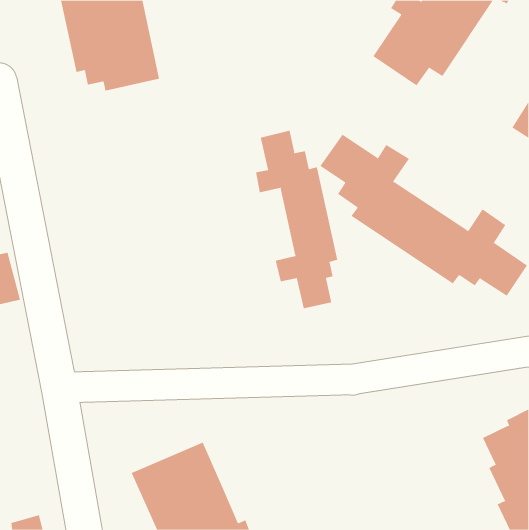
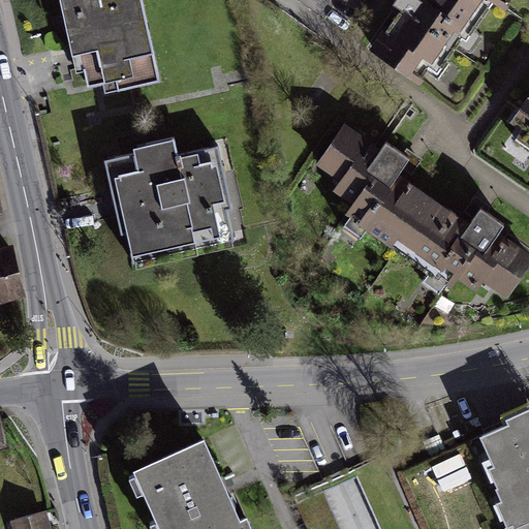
building: [256,130,338,309] -> none
building: none -> [107,139,231,257]

